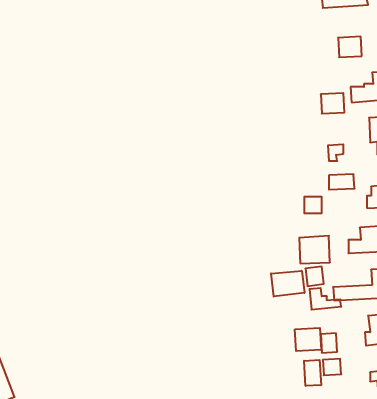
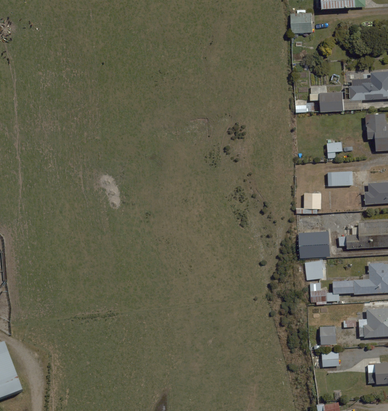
building: [338,37,362,57] -> [290,13,313,33]
building: [271,271,304,297] -> none
building: [295,328,321,351] -> none
building: [304,360,321,386] -> none

